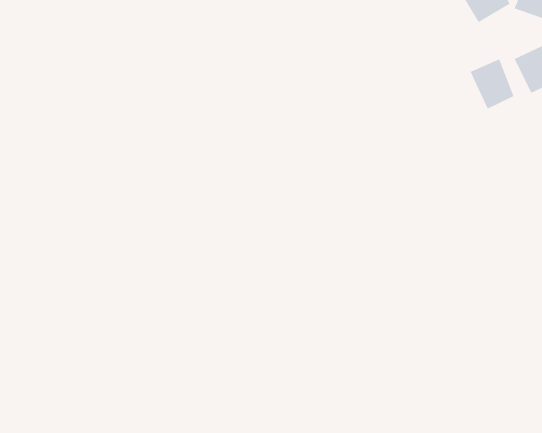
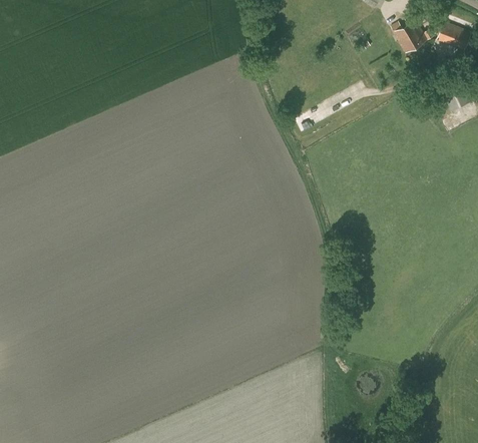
building: [470,59,514,109] -> none

